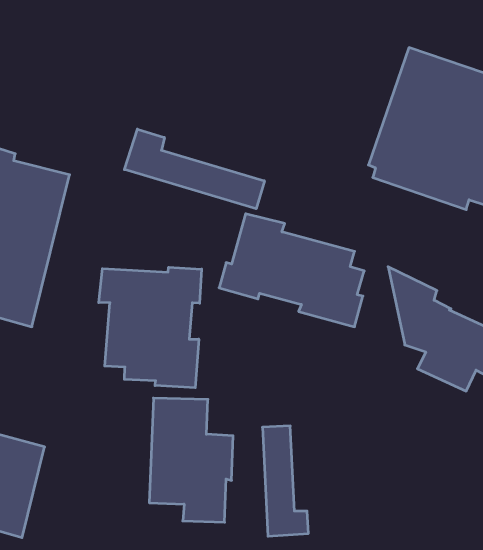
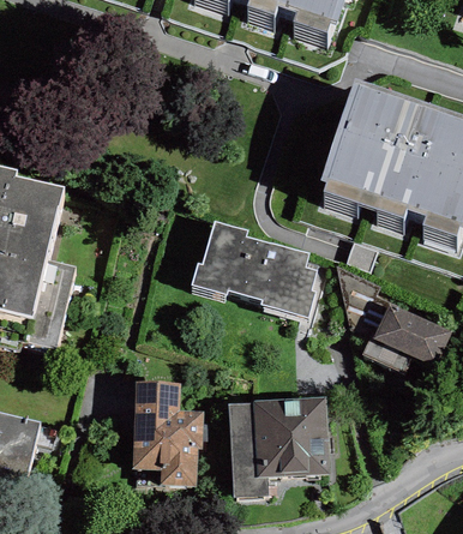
building: [124,129,264,209] -> none
building: [99,267,202,388] -> none
building: none -> [253,397,330,478]

